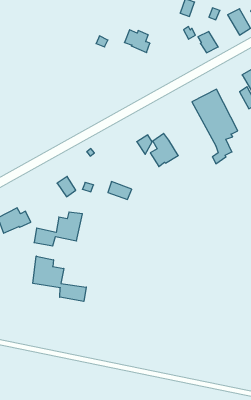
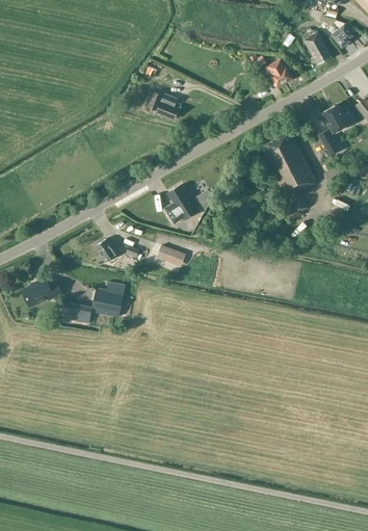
building: [124,30,150,53] -> [148,91,179,120]
building: [150,133,178,167] -> [164,184,199,224]
building: [33,256,86,301] -> none

